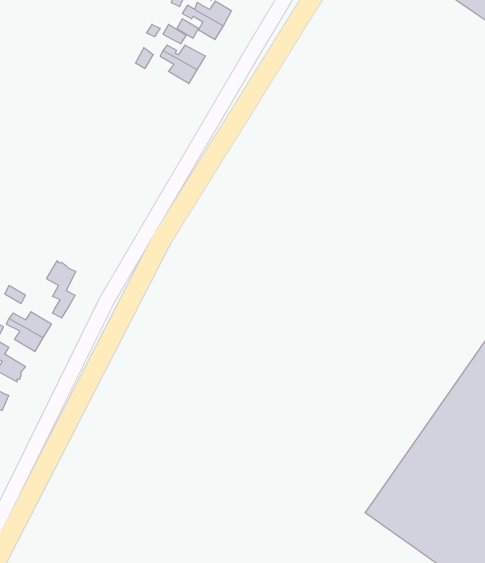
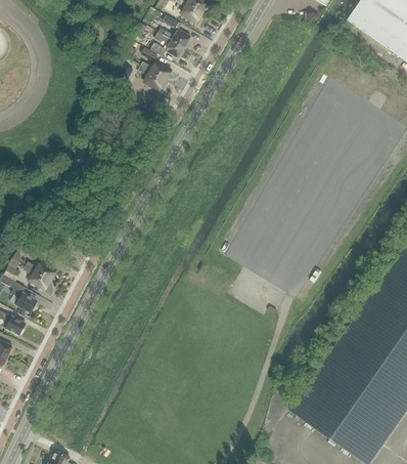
building: [47,261,76,318] -> none

